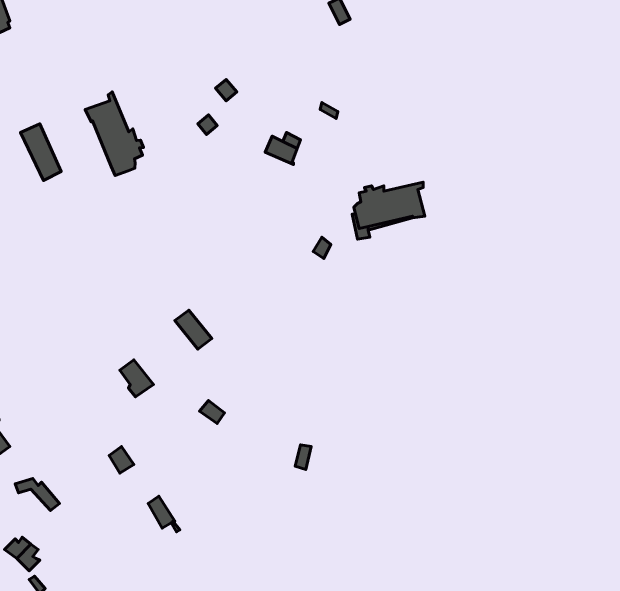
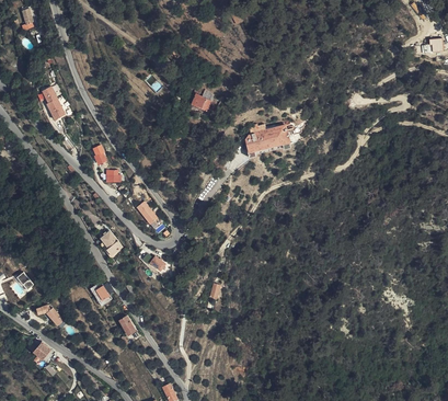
building: [85,92,143,176] -> none

